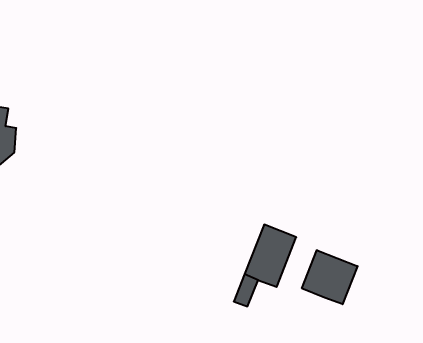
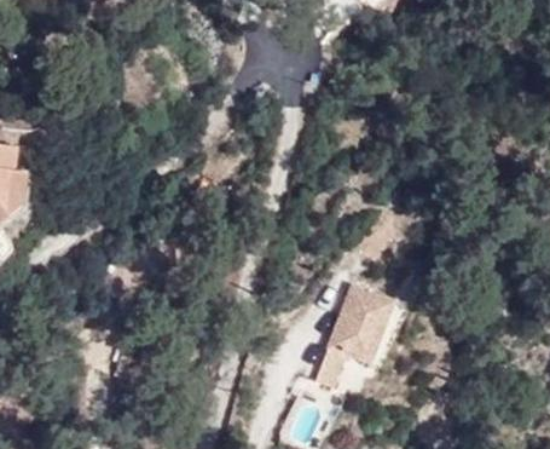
building: [302,250,358,304] -> none

